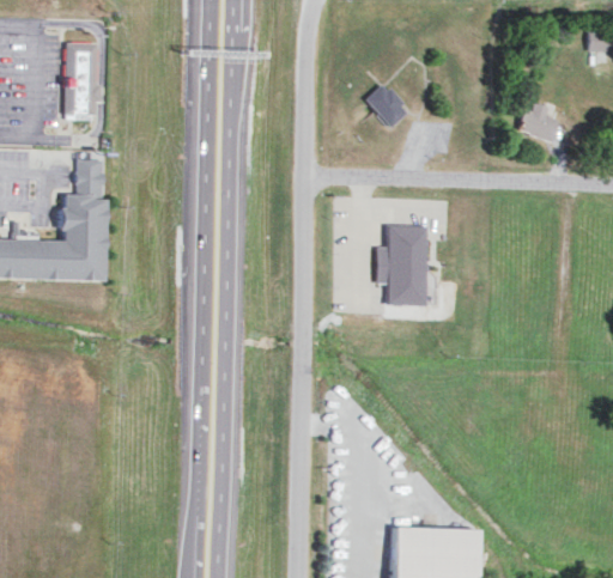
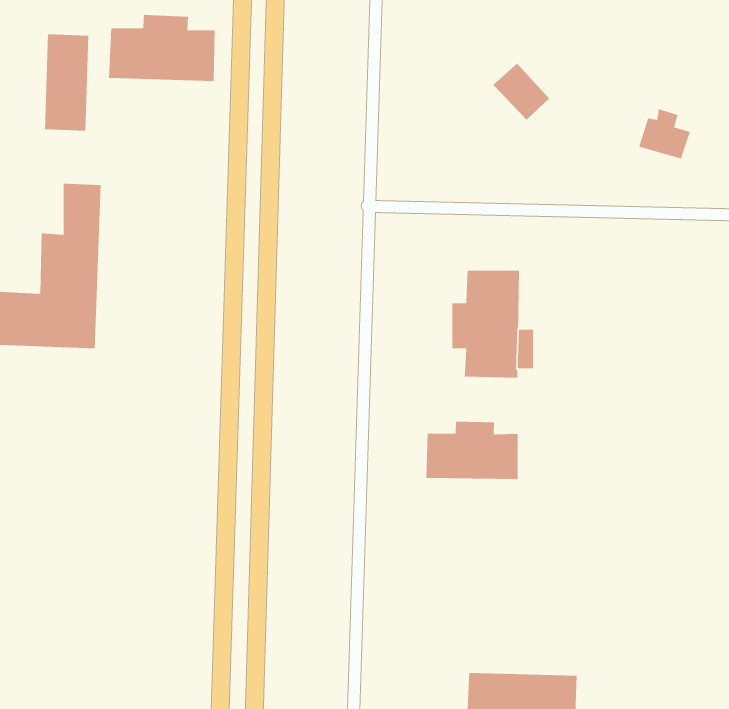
building: none -> [108,14,216,82]
building: [368,80,412,124] -> [492,63,550,120]
building: none -> [426,421,518,480]

